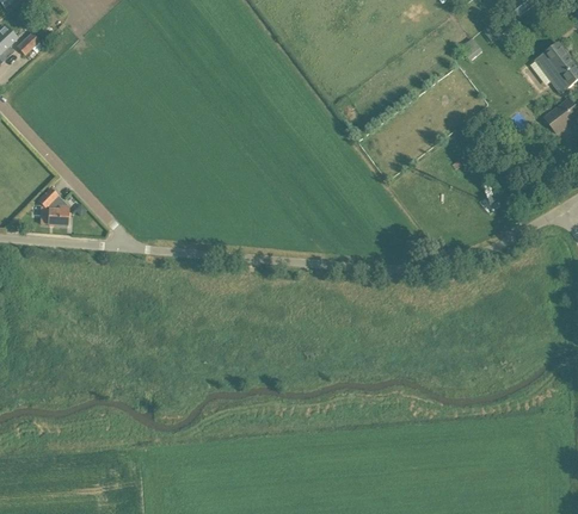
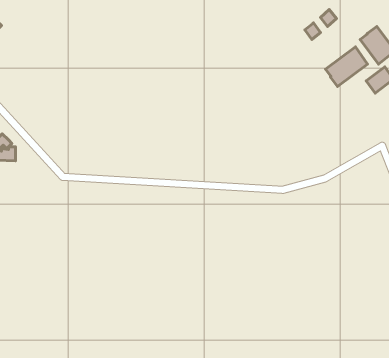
building: none -> [326,47,368,87]

